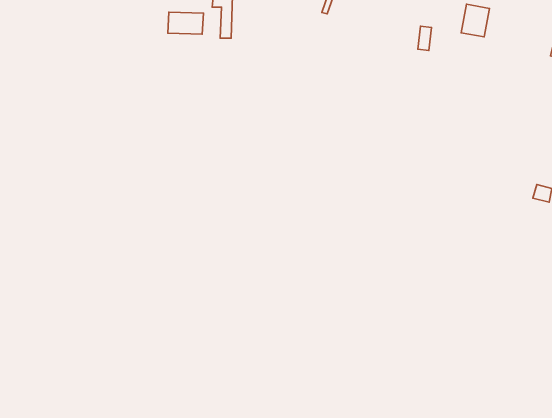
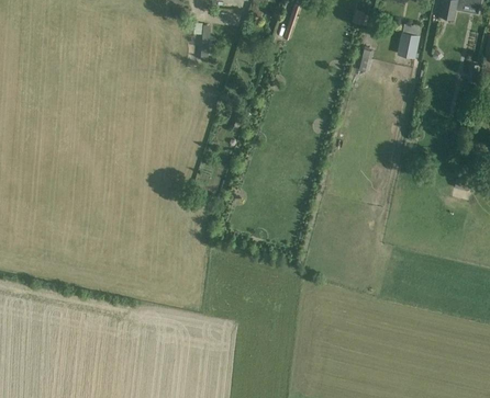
building: [168,12,203,34] -> none

